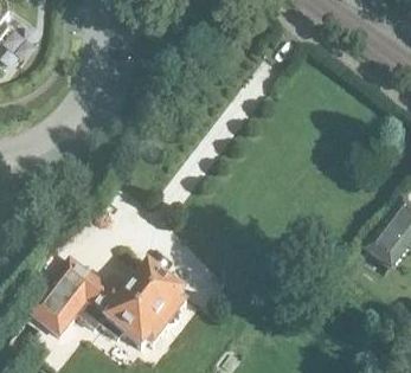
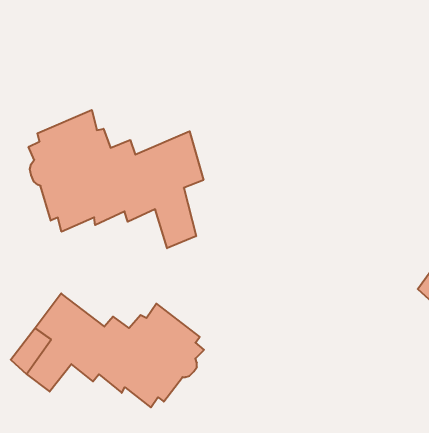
building: none -> [29,110,203,248]

